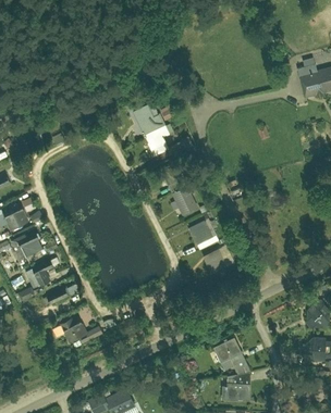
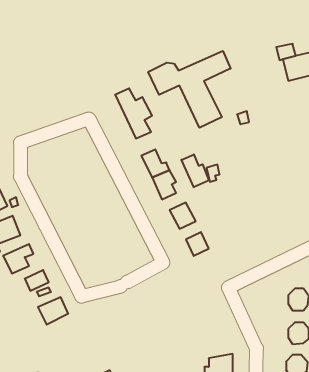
building: none -> [148,51,231,128]
building: none -> [181,154,209,187]
building: [213,339,245,372] -> none

